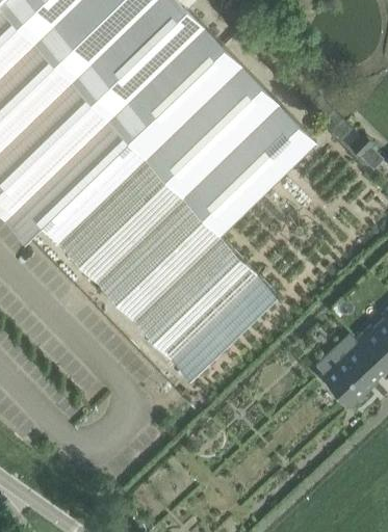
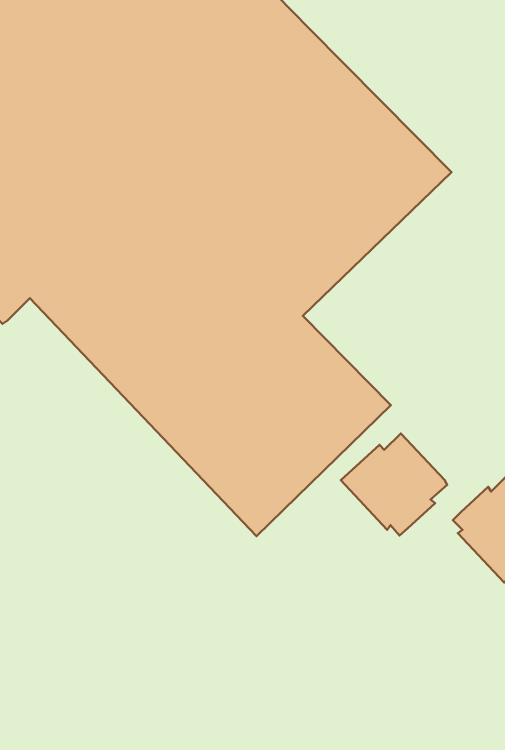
building: none -> [341,434,447,536]

